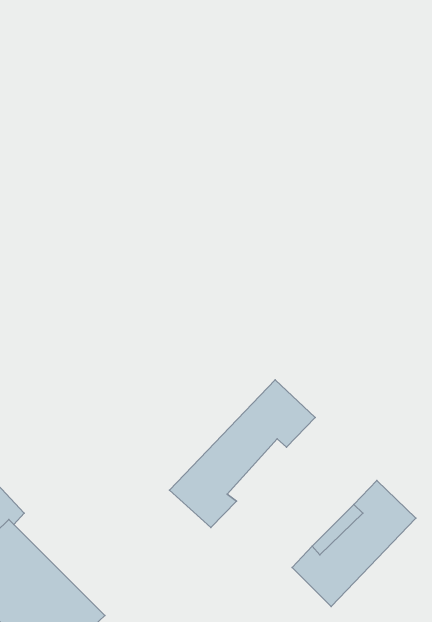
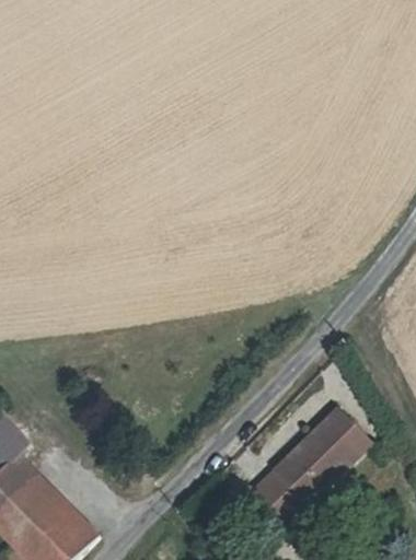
building: [170,380,315,528] -> none

